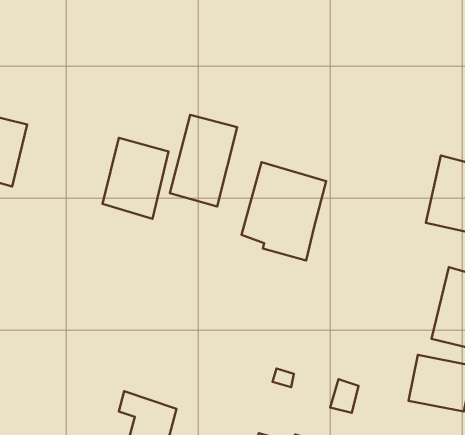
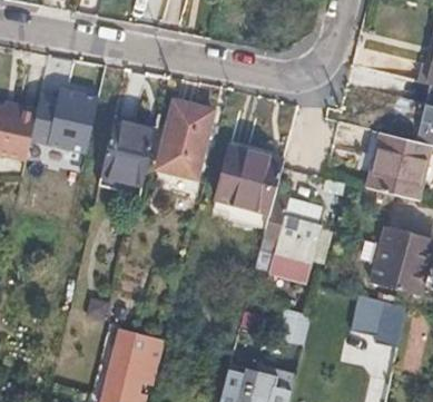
building: none -> [29,79,97,154]
building: none -> [254,192,323,277]

